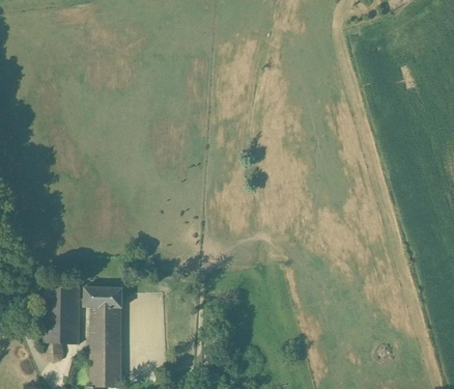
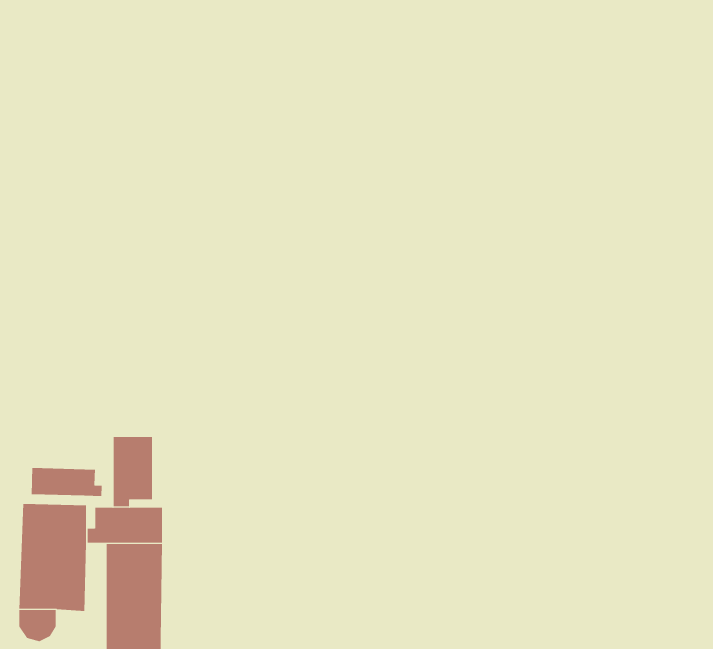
building: none -> [113,436,152,507]
building: none -> [31,467,102,497]

